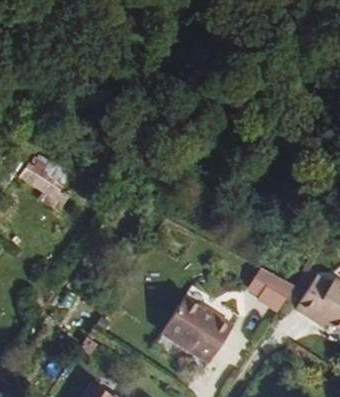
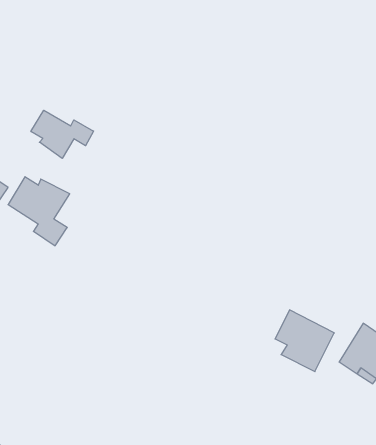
building: none -> [31,110,94,158]
building: [162,296,233,363] -> none

